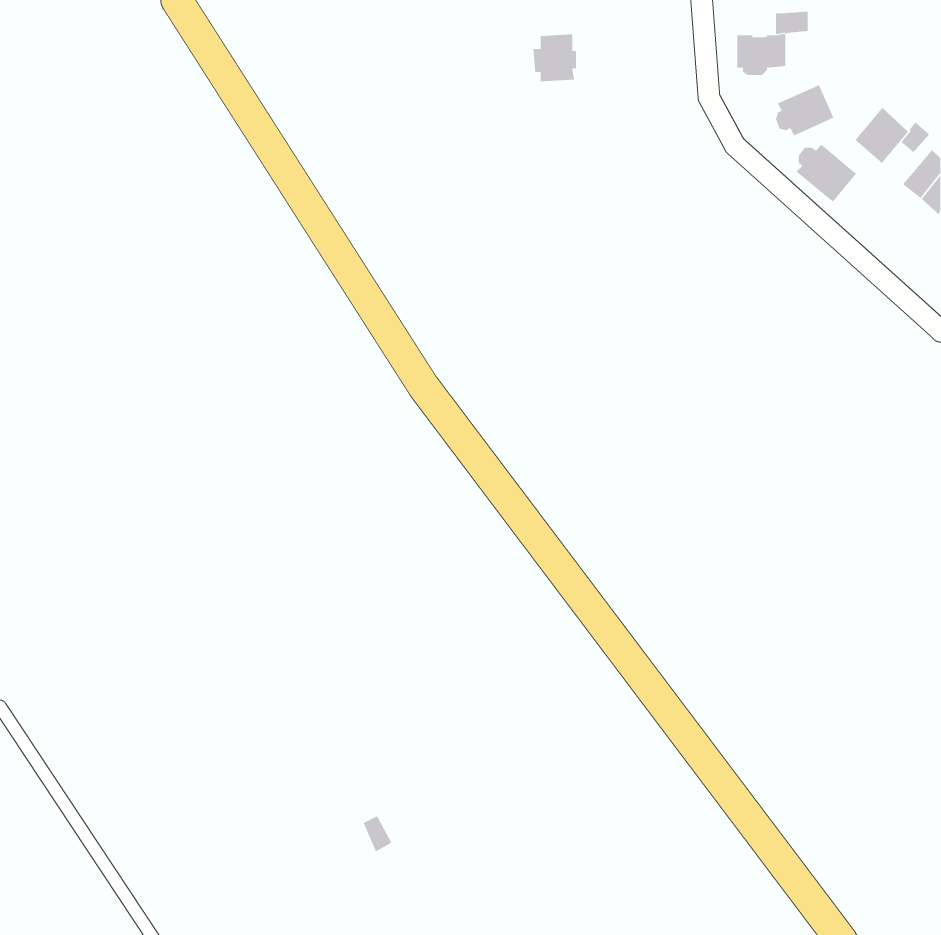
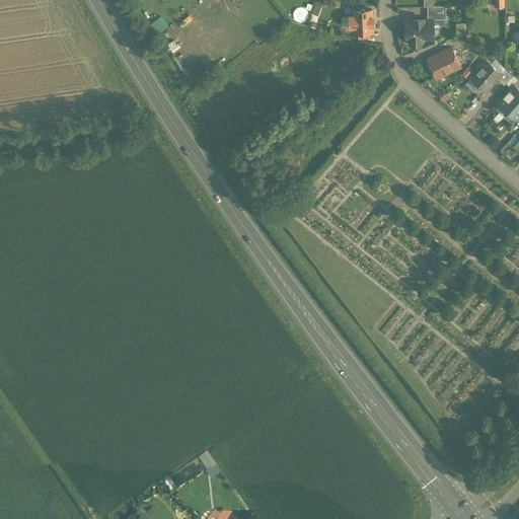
building: [533,34,577,82] -> [350,9,374,35]
building: [796,144,857,202] -> none

